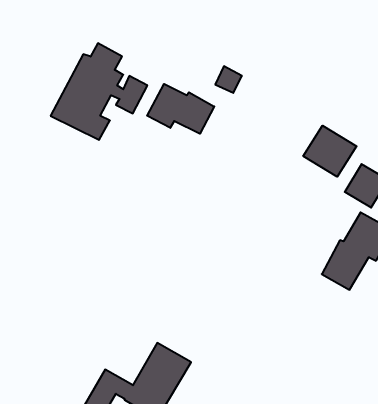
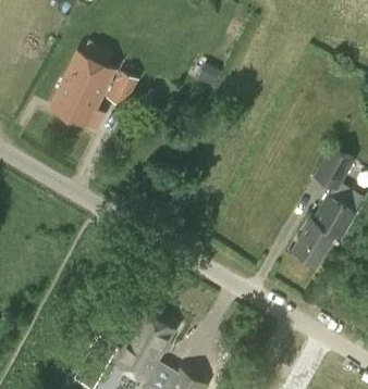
building: [147,84,214,134] -> none
building: [303,126,357,177] -> none

